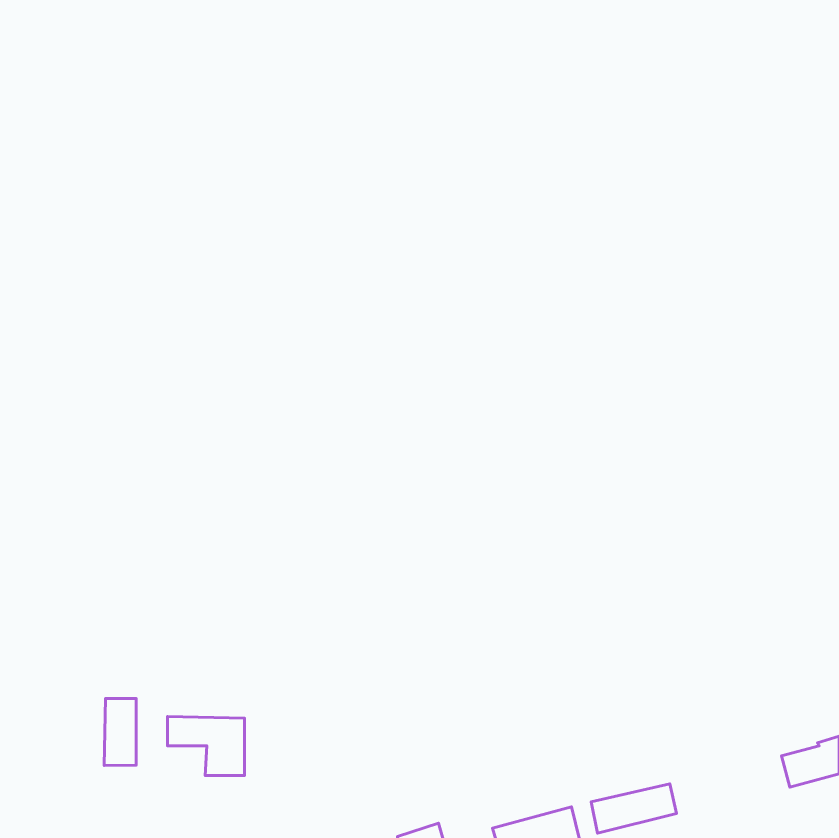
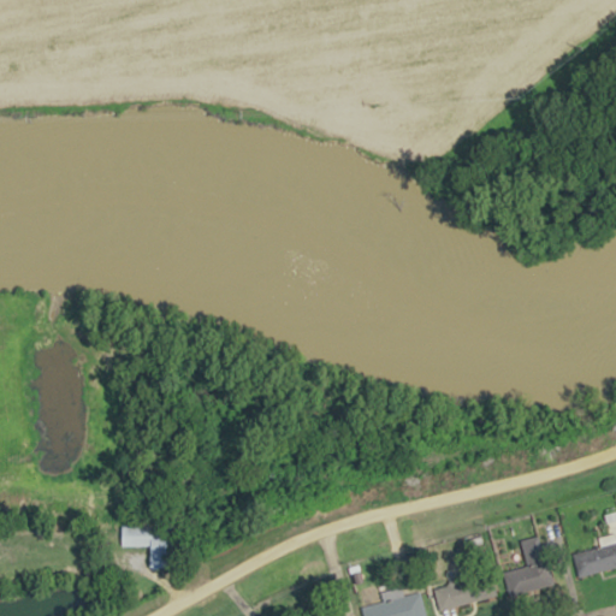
building: [104,698,136,766] -> none
building: none -> [503,537,553,597]

